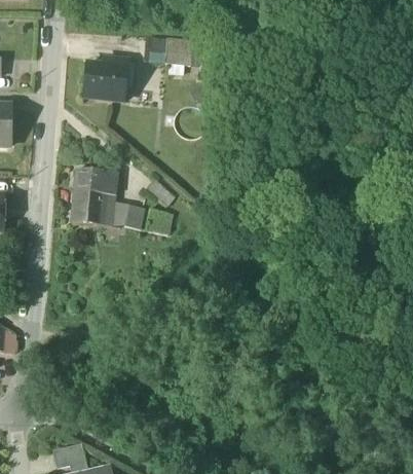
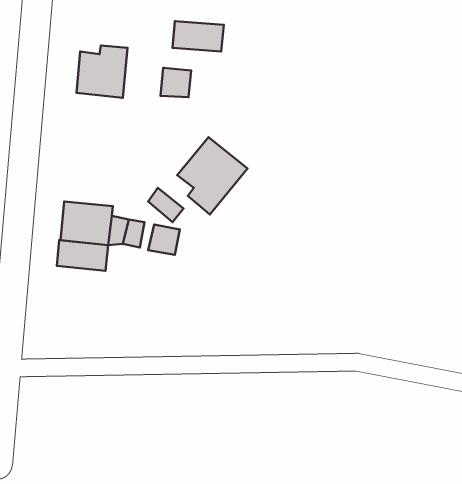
building: [142,36,167,61] -> [161,68,191,97]
building: none -> [177,137,247,214]
building: [74,169,117,194] -> [57,240,108,271]

